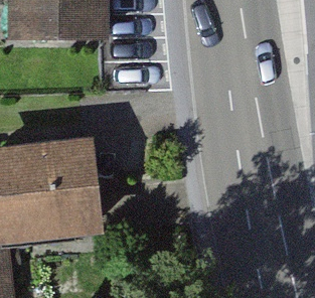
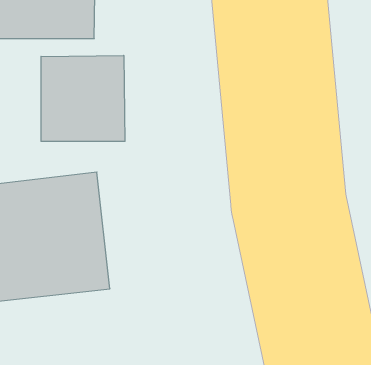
building: none -> [41,55,125,141]

